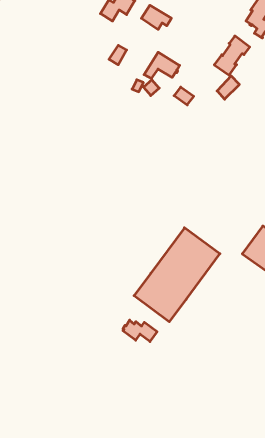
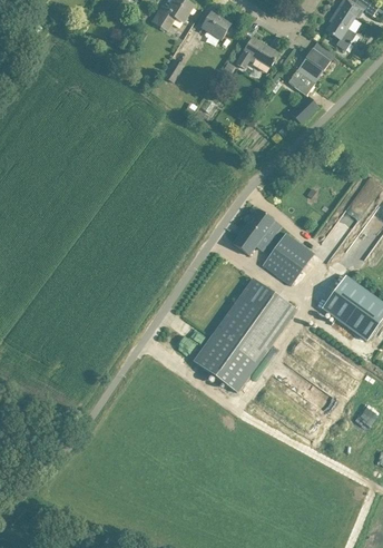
building: [144,52,180,78] -> [235,37,277,68]
building: none -> [233,208,273,255]
building: none -> [262,233,313,285]
building: [123,320,157,342] -> none

